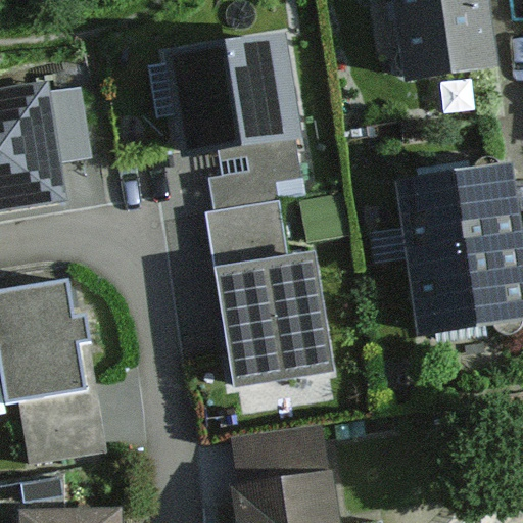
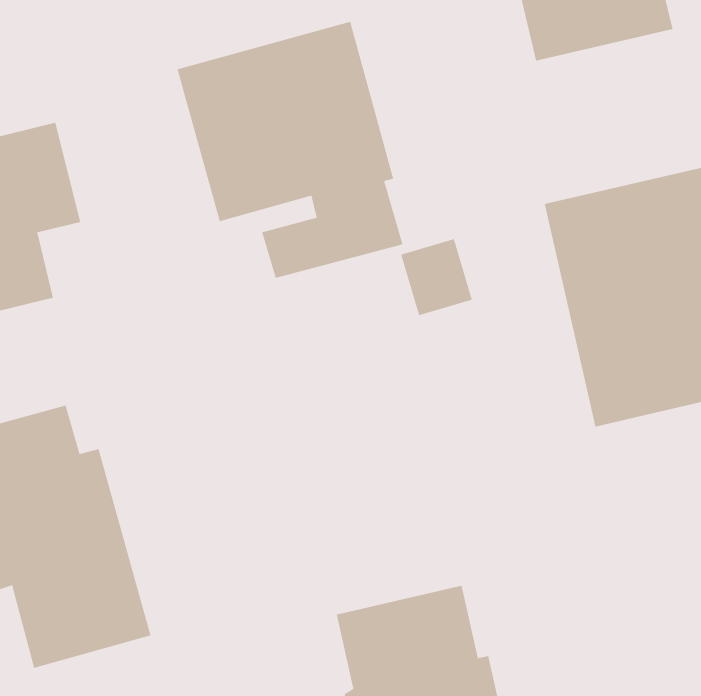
building: [205,200,331,391] -> none

